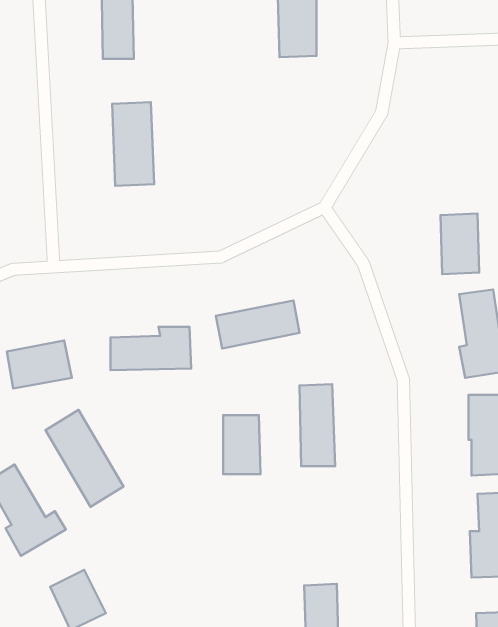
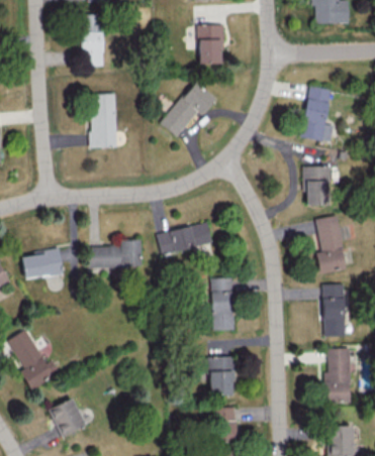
building: none -> [161,83,215,137]
building: none -> [301,87,334,142]
building: [45,410,123,507] -> none
building: [223,415,260,474] -> [210,357,235,395]

